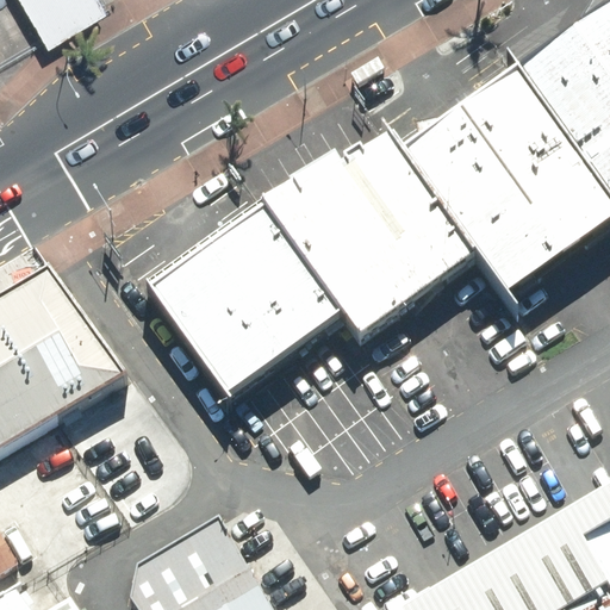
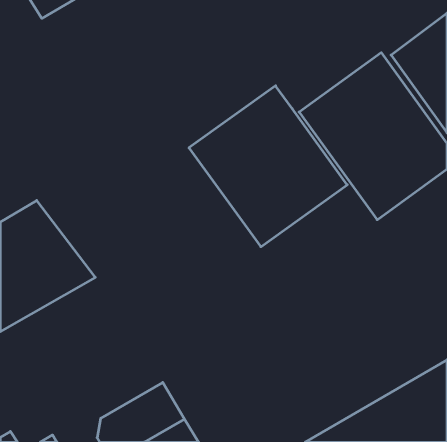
building: [135,203,326,391] -> none

